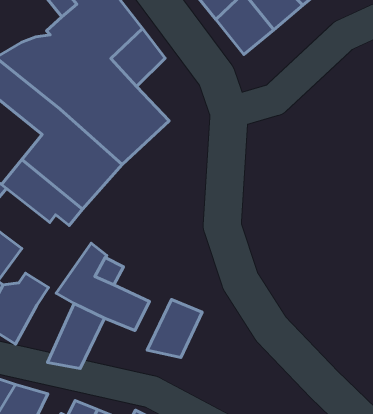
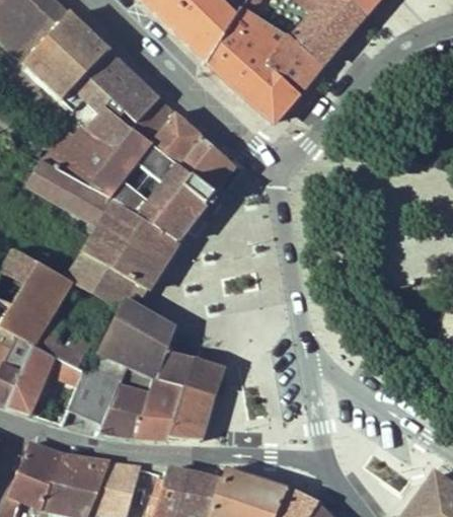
building: none -> [178,137,233,195]
building: none -> [96,300,159,372]
building: [147,300,202,358] -> [167,388,213,441]
building: none -> [100,386,148,438]

